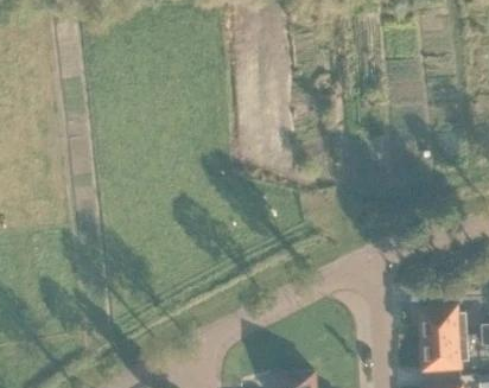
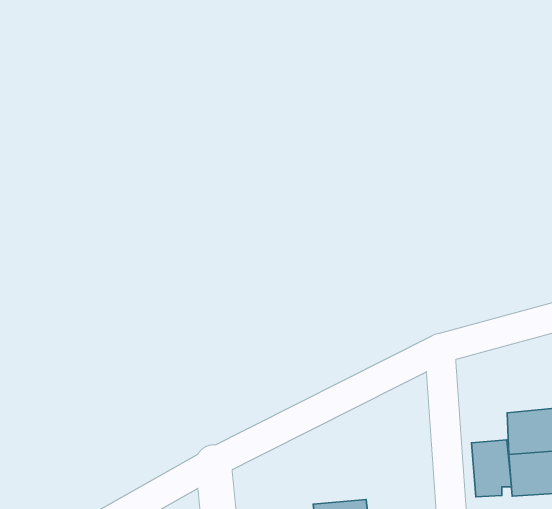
building: none -> [471,440,511,497]

